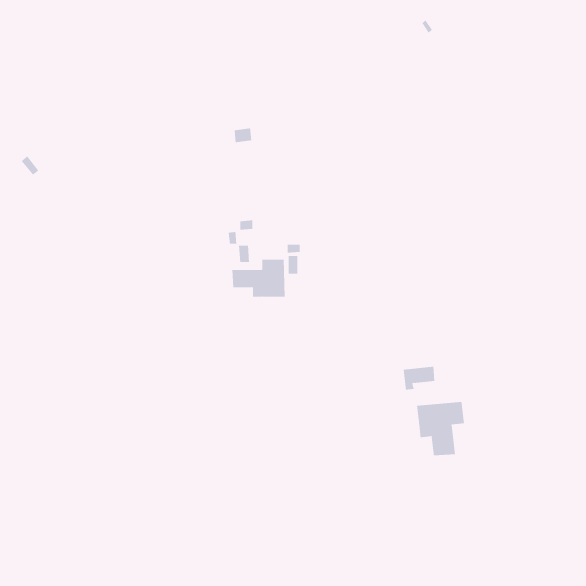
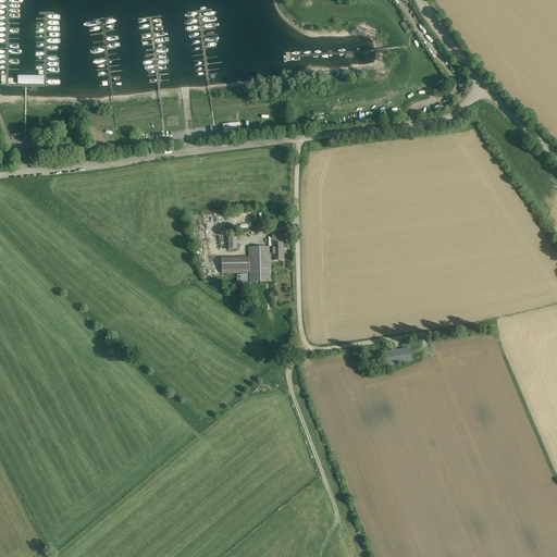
building: [417,401,465,456] -> none

